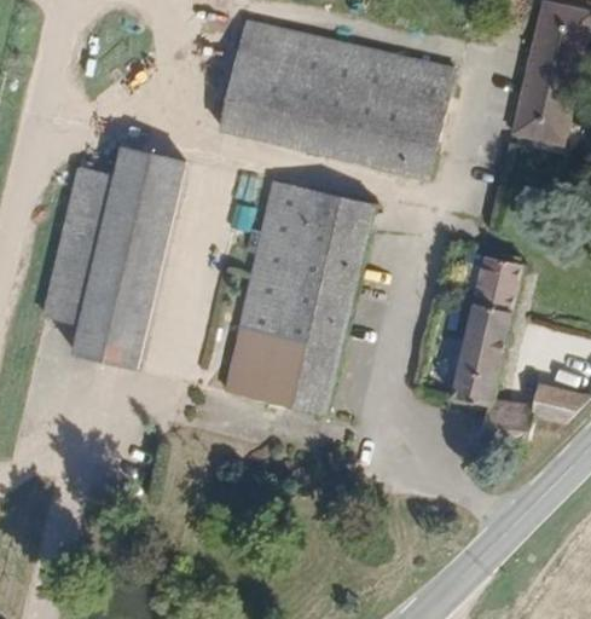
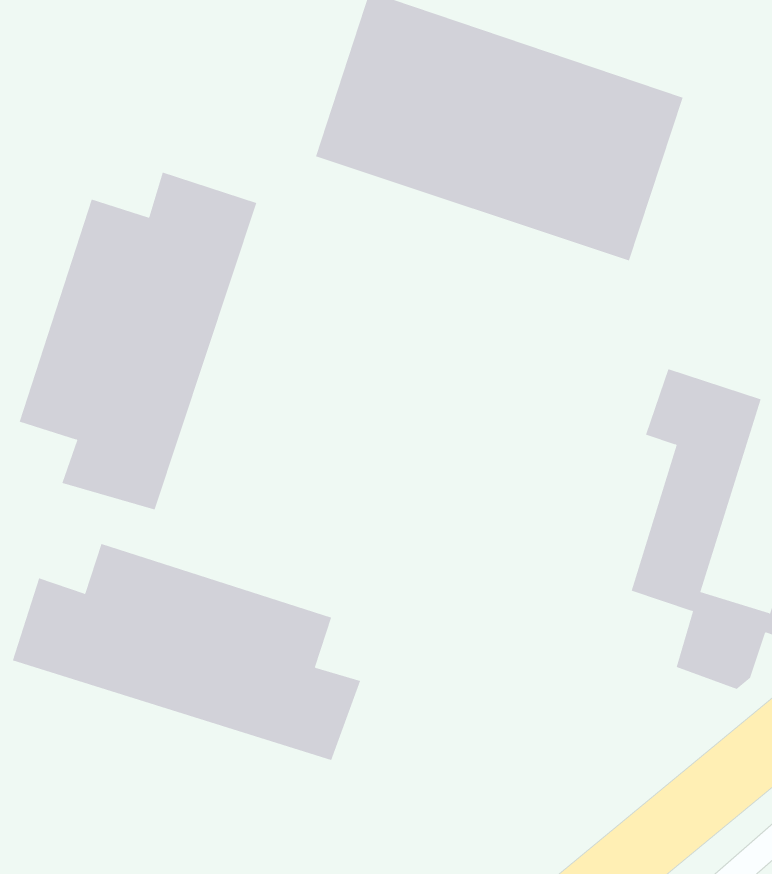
building: [225,179,375,415] -> none
building: none -> [12,543,361,761]

